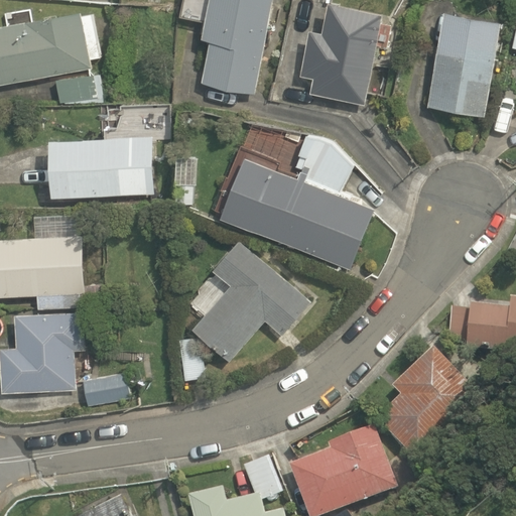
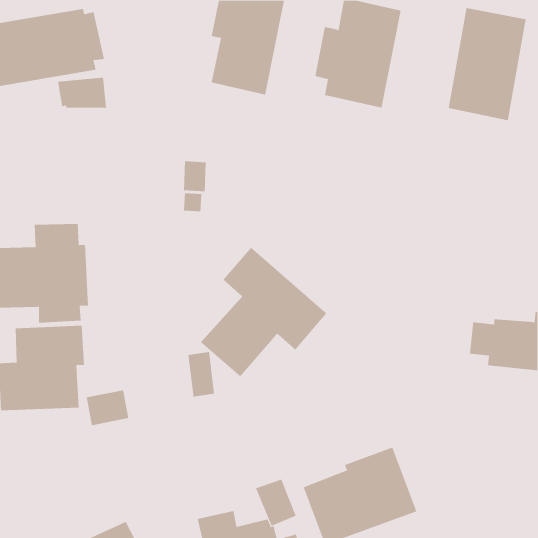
building: [220,135,374,270] -> none
building: [49,136,153,197] -> none
building: [375,349,484,466] -> none

